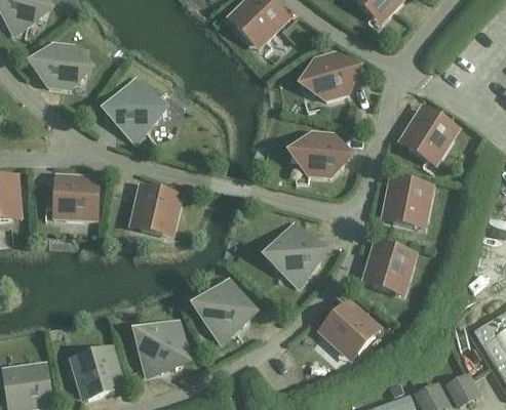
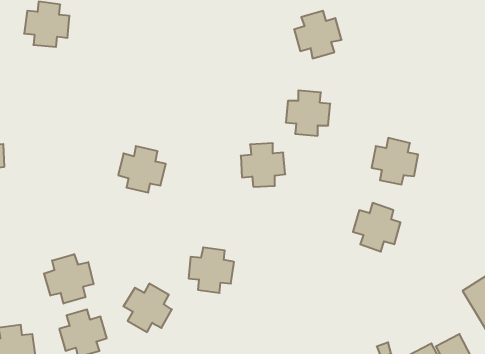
building: [114,88,157,131] -> none
building: [405,111,453,159] -> none
building: [54,175,99,219] -> none
building: [274,232,318,275] -> [241,143,285,187]
building: none -> [44,254,93,304]
building: [325,305,373,353] -> none

